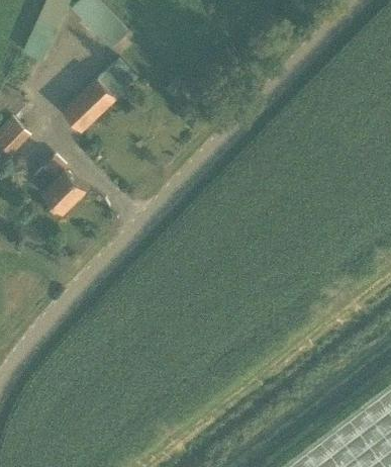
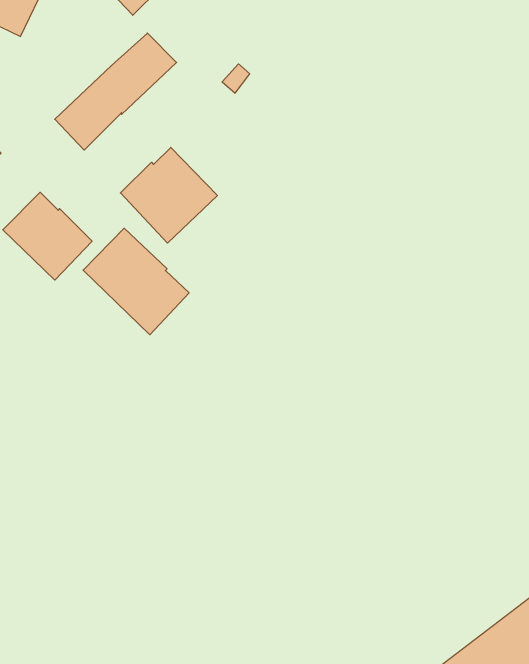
building: none -> [120,147,217,243]
building: none -> [83,228,189,335]

